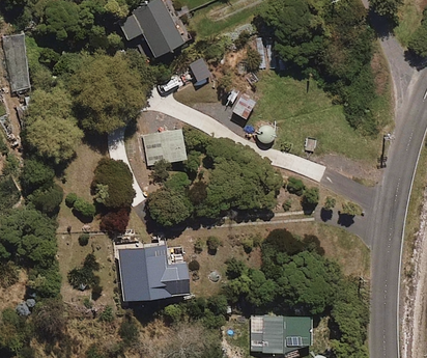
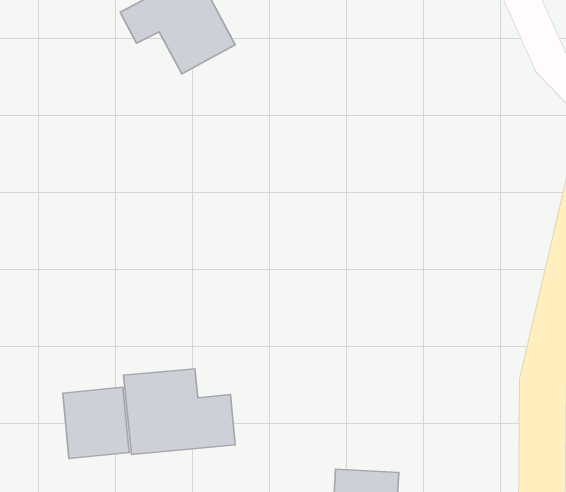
building: [144,130,184,164] -> none
building: none -> [63,387,129,459]

